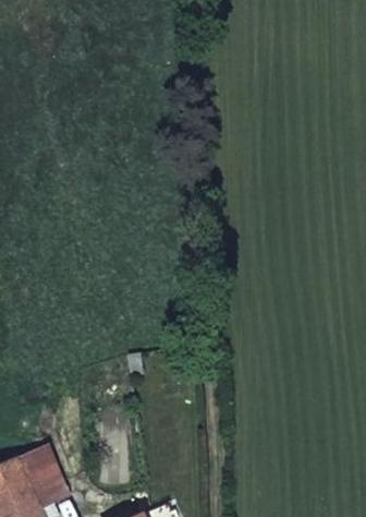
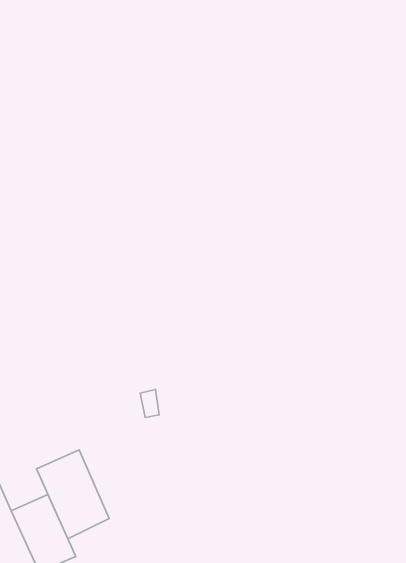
building: none -> [36,450,109,539]

